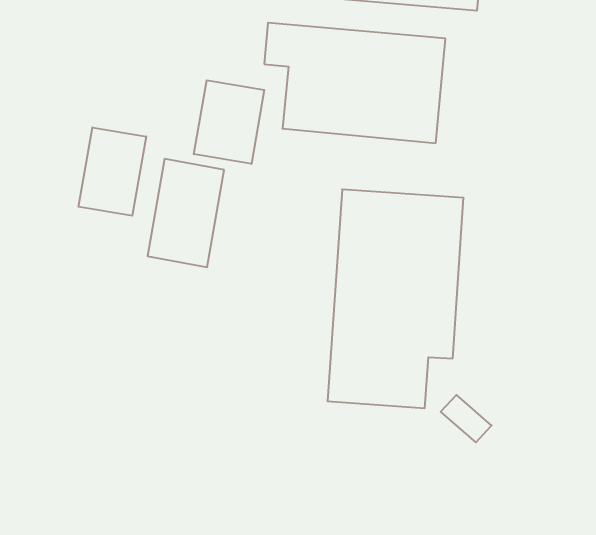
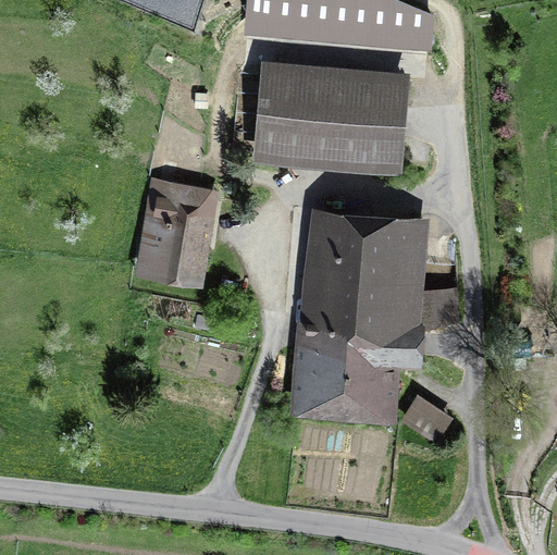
building: [194,80,264,164] -> none
building: [78,127,146,216] -> none

